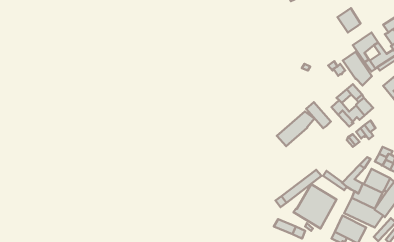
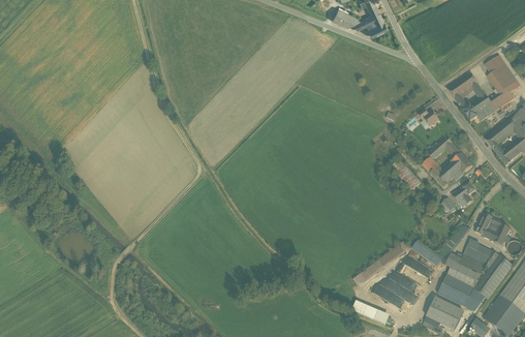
building: [337,8,360,32] -> none
building: [343,52,372,85] -> none
building: [277,112,315,146] -> none

